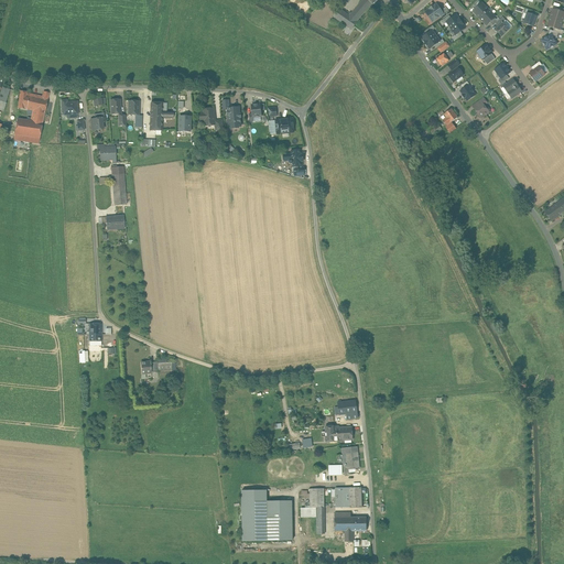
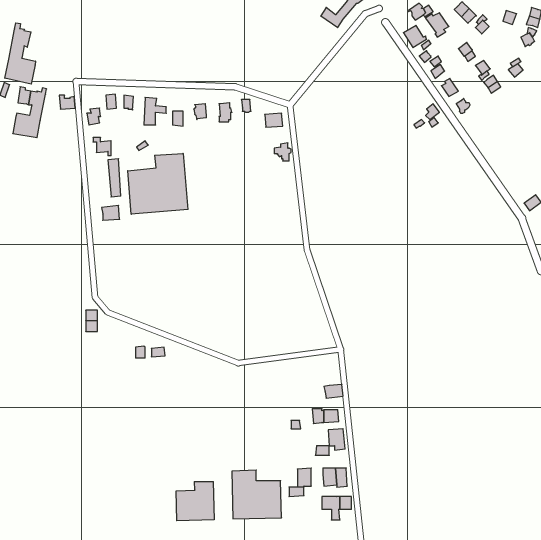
building: none -> [5,23,35,84]
building: none -> [128,153,188,214]
building: none -> [176,482,214,521]

